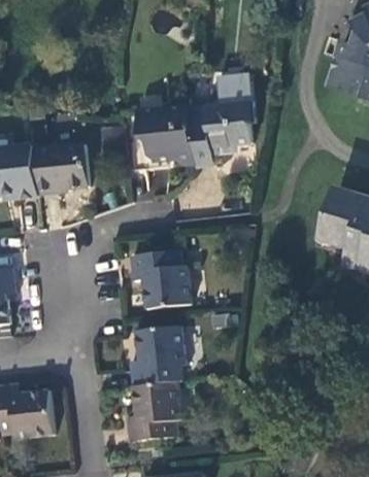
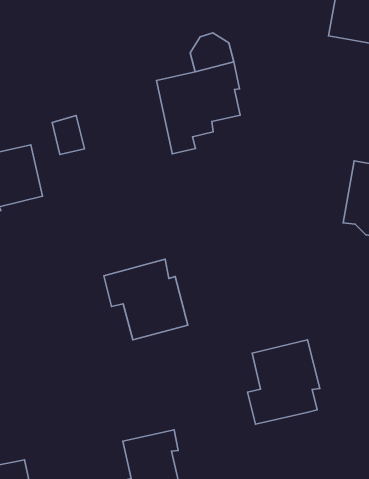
building: [138,103,196,164] -> none
building: [127,323,183,384] -> [248,340,320,424]

